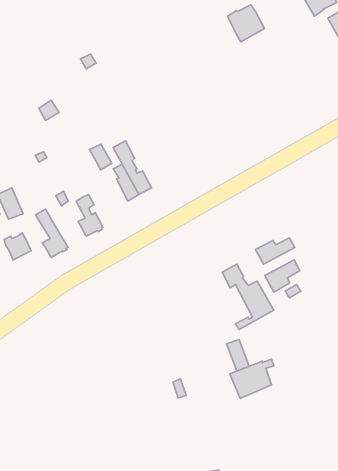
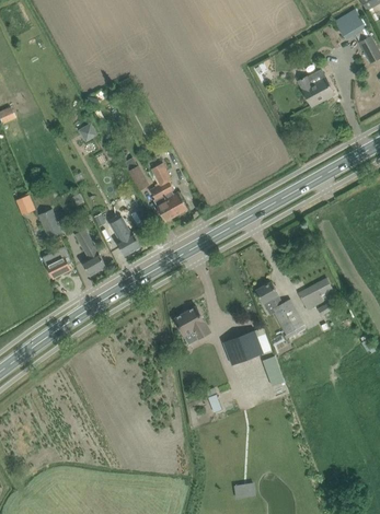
building: [227,5,264,42] -> [298,70,334,106]
building: [255,238,295,264] -> none
building: none -> [174,306,209,338]
building: [230,359,274,398] -> [222,327,265,365]

